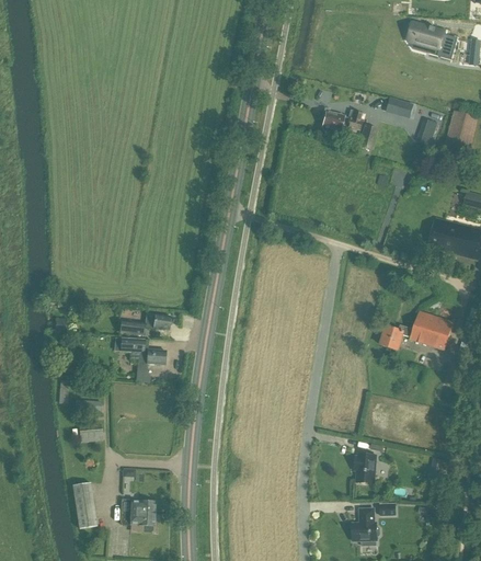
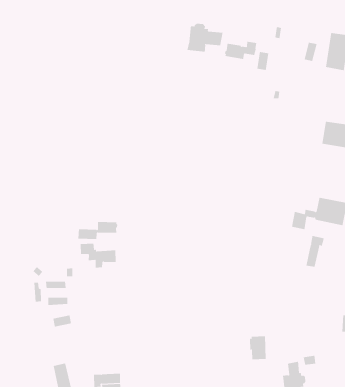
building: none -> [187,23,223,52]
building: none -> [306,235,325,268]
building: [354,454,376,483] -> [249,336,267,360]

